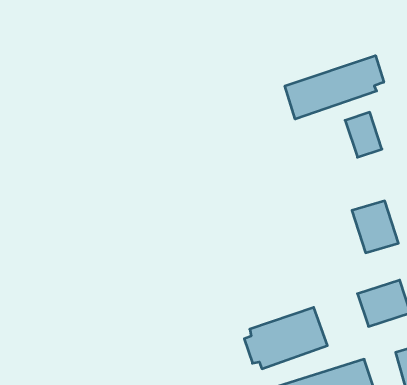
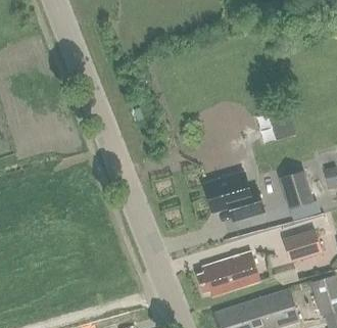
building: [285,56,384,119] -> none
building: none -> [206,173,266,219]

